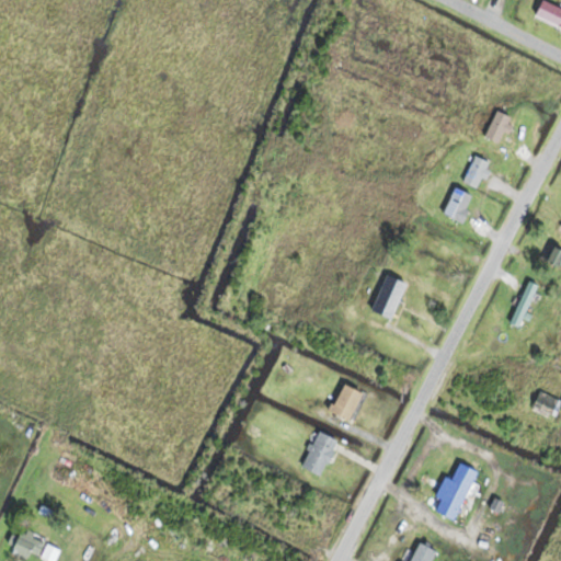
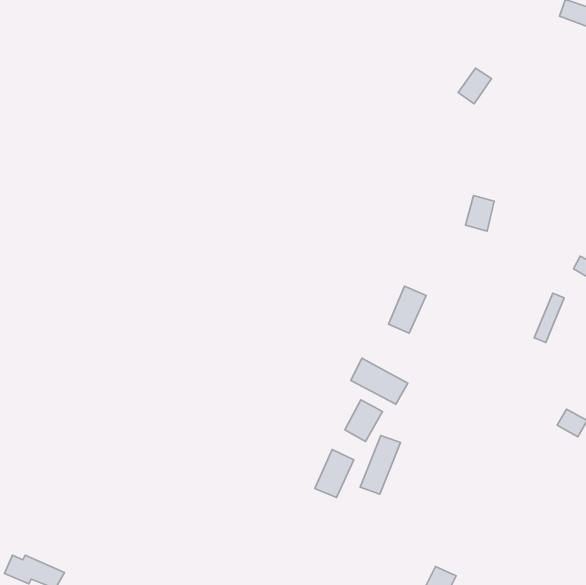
building: [483,111,515,145] -> [458,68,491,104]
building: [463,156,492,190] -> none
building: none -> [351,358,408,404]
building: [438,463,477,519] -> [360,436,400,494]

